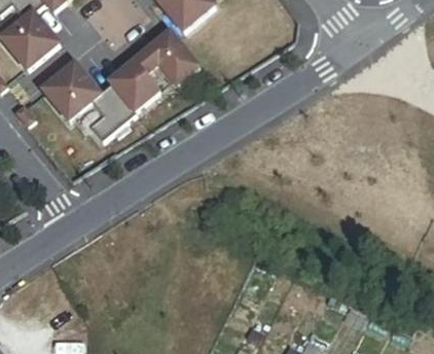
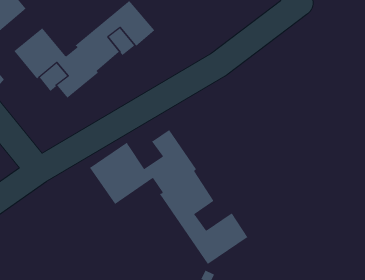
building: none -> [89,129,248,265]

